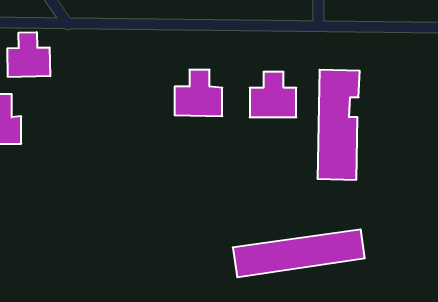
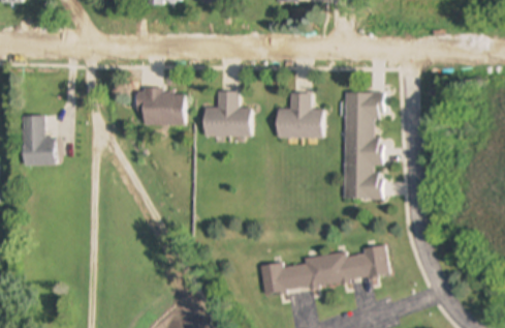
building: [7,32,50,77] -> none
building: none -> [140,89,185,124]

